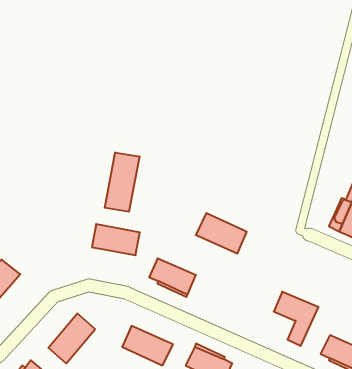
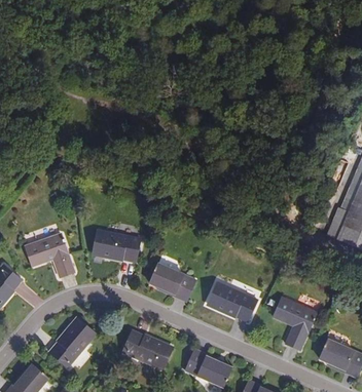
building: [105,152,140,212] -> none
building: [196,213,247,254] -> [207,281,257,321]
building: none -> [25,233,74,277]

